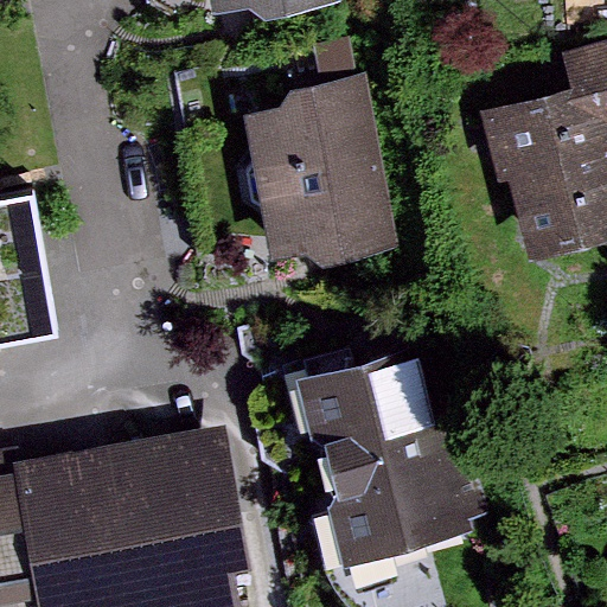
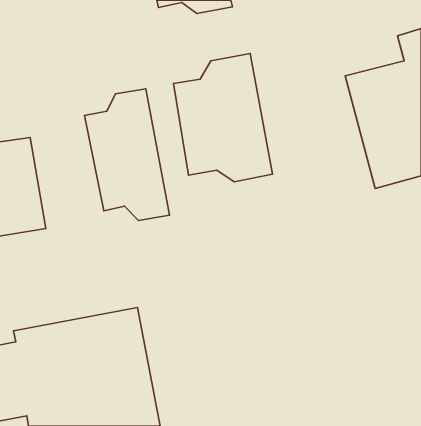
building: none -> [85,89,169,221]
building: [306,346,466,555] -> none

